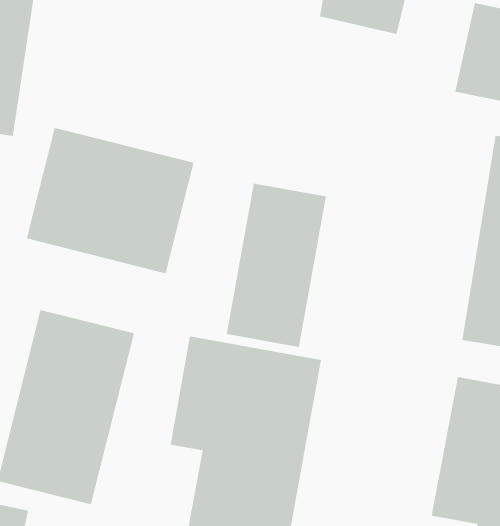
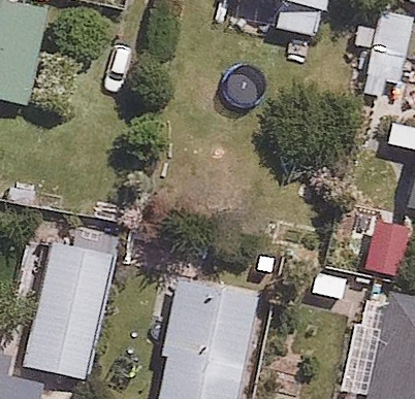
building: [26,127,194,274] -> none
building: [226,183,326,348] -> none

